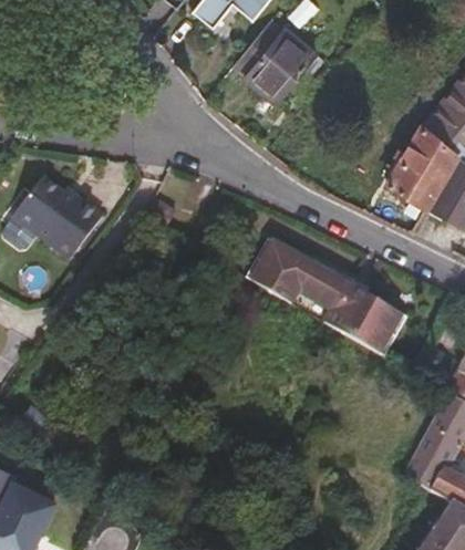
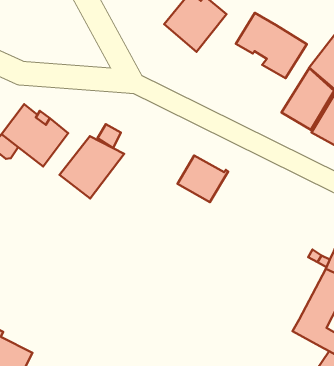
building: none -> [236,13,307,78]
building: none -> [60,136,124,199]
building: [293,262,401,352] -> none

